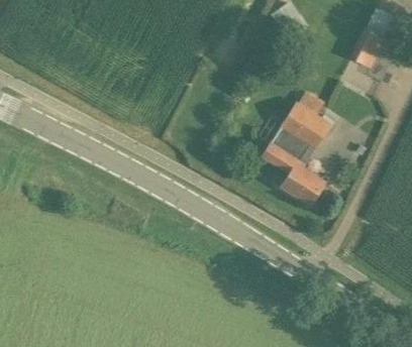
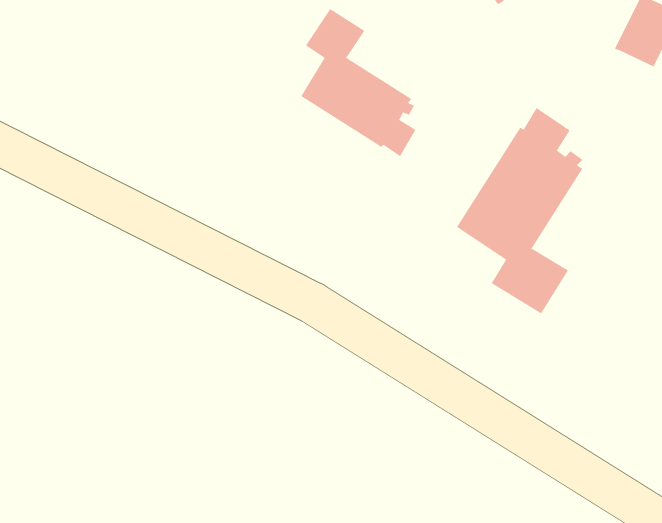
building: none -> [301,8,416,157]

